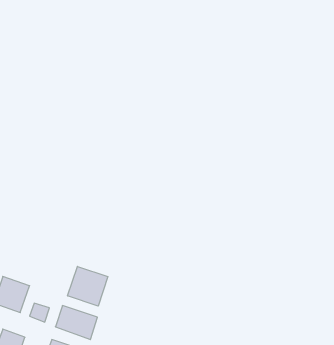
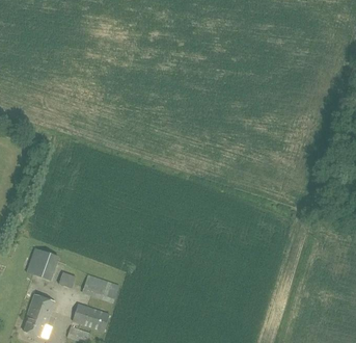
building: [68,266,108,306] -> none

